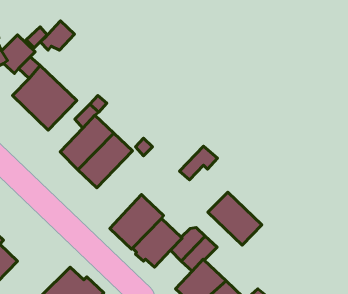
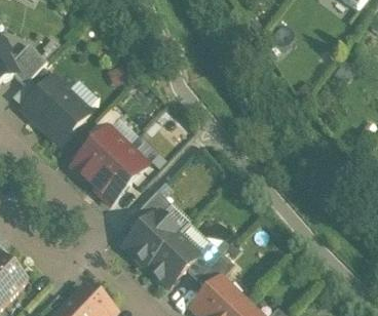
building: [40,21,75,50] -> none
building: [180,146,217,180] -> [131,190,171,225]
building: [208,192,262,245] -> none

